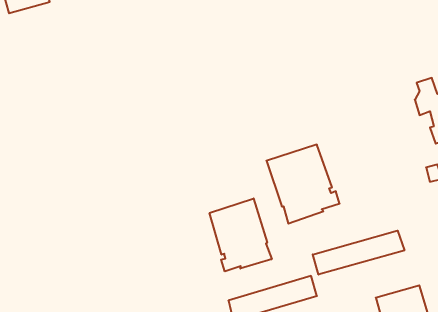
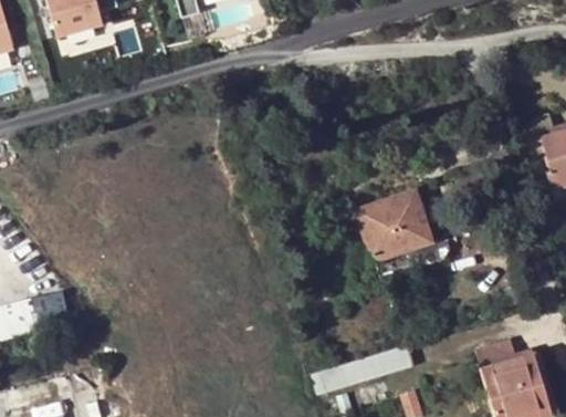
building: [210,198,272,271] -> none
building: [313,231,404,275] -> none

